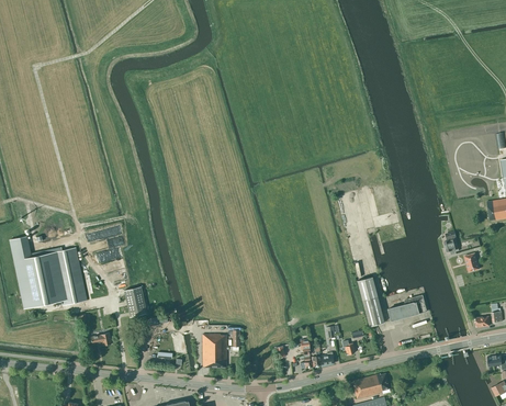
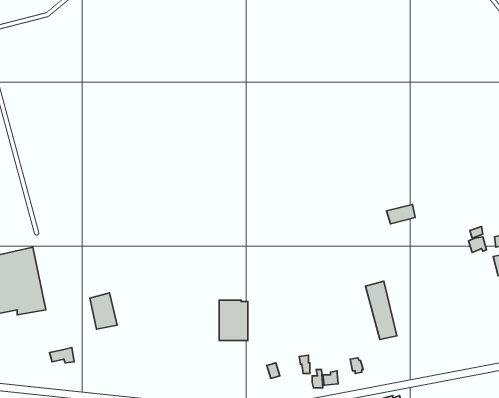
building: [387,295,426,320] -> none
building: [202,334,226,368] -> [219,300,248,340]

